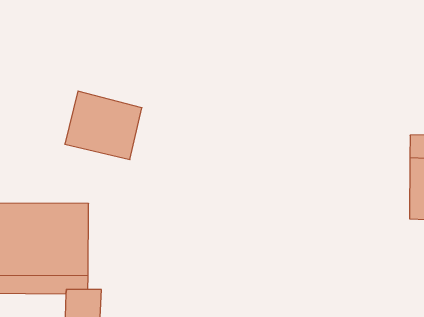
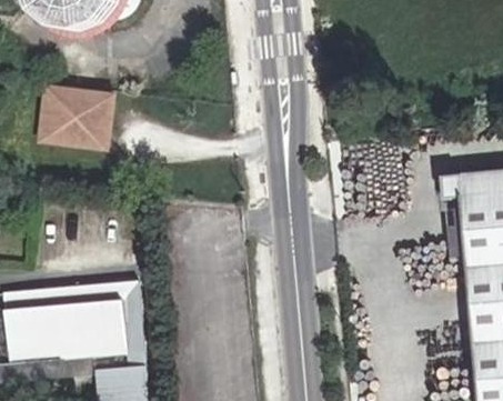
building: [65,91,142,160] -> [46,89,118,151]

